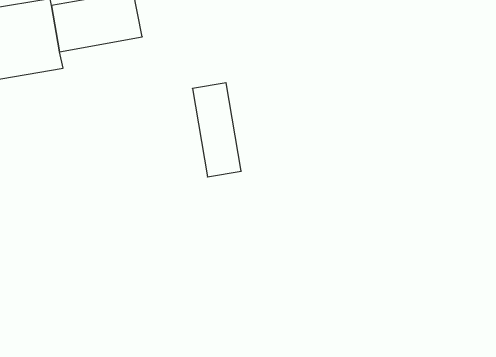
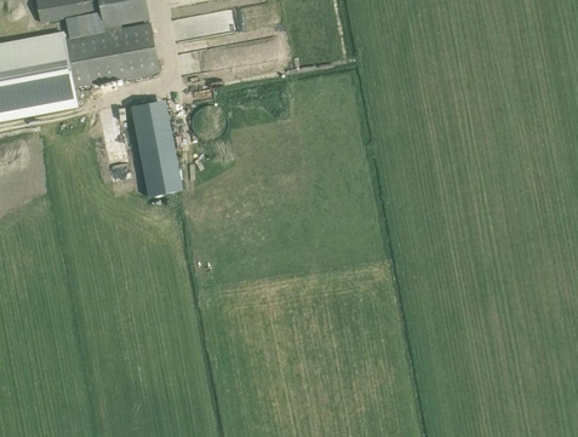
building: [192,83,241,177] -> [128,98,179,196]

